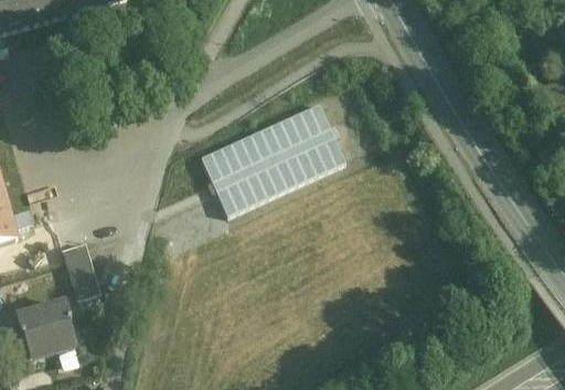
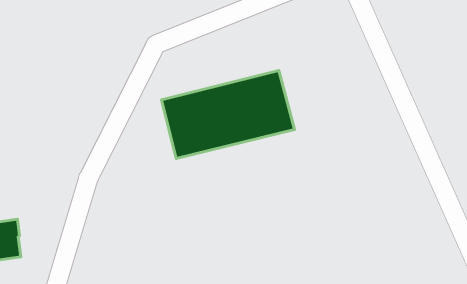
building: [62,243,100,301] -> none

